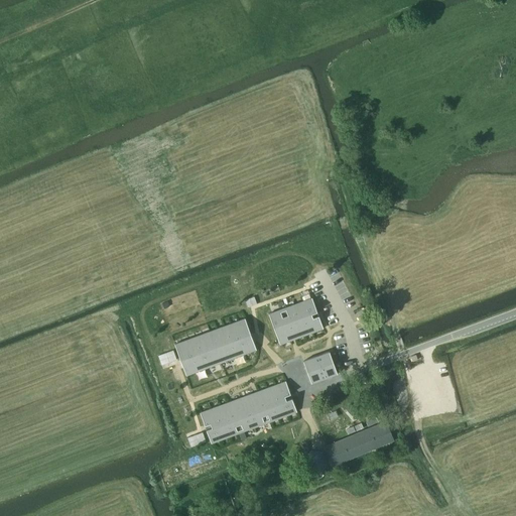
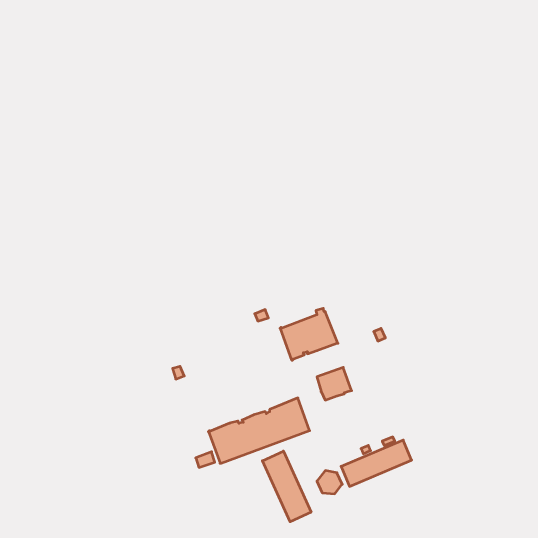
building: [174,318,256,376] -> none
building: none -> [262,451,311,522]

